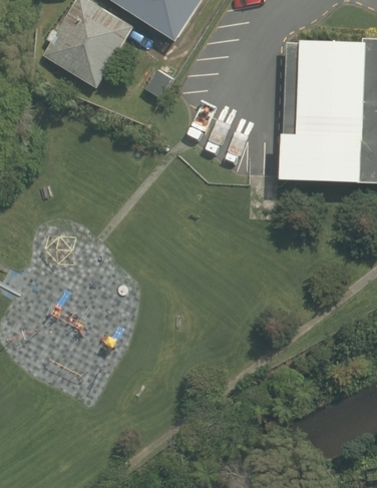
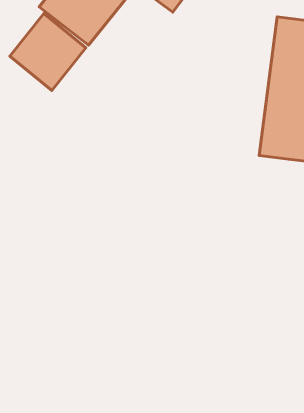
building: none -> [10,14,86,90]

